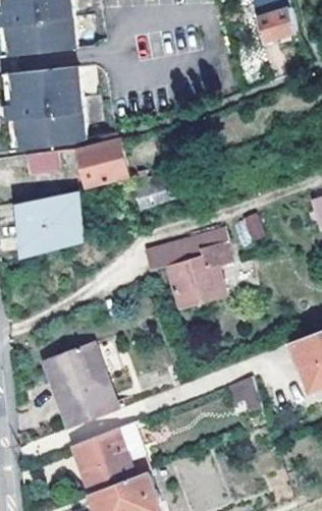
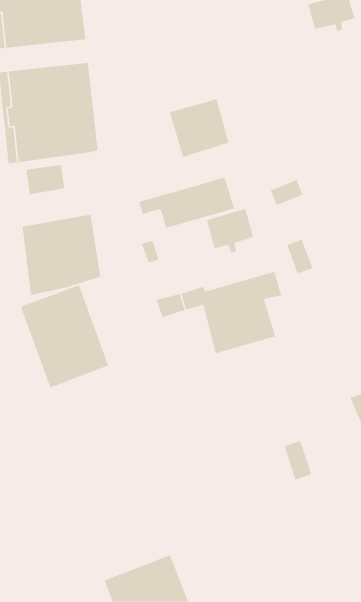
building: [78,136,128,185] -> [169,98,230,158]
building: none -> [206,208,254,253]
building: [43,342,116,428] -> [20,284,109,388]
building: [73,422,149,492] -> none

